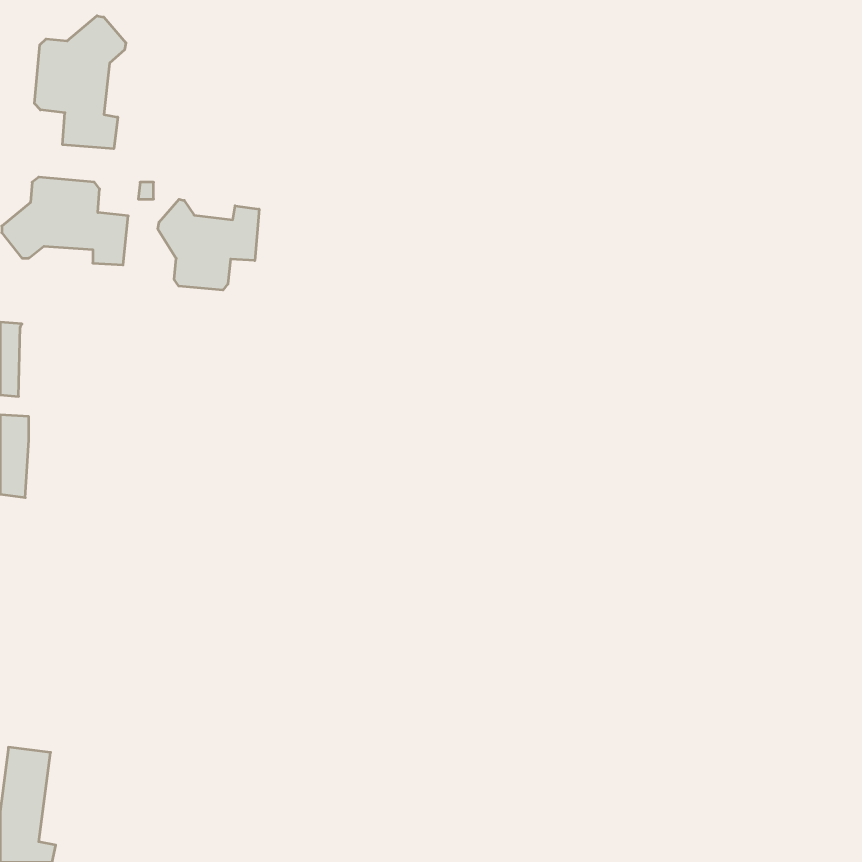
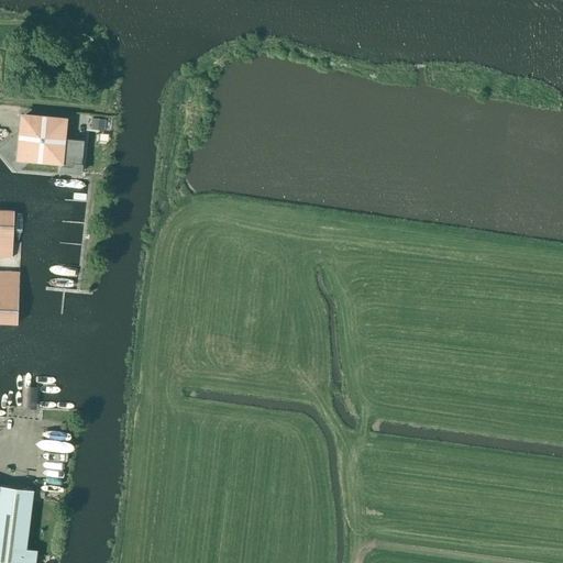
building: [34,16,126,149] -> none
building: [158,199,259,290] -> none

